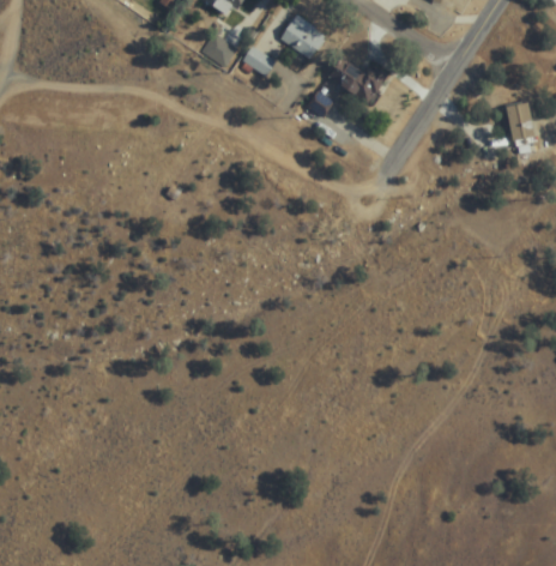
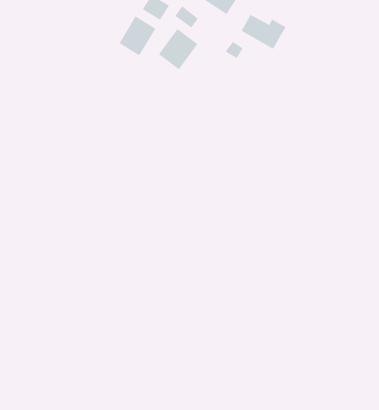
building: none -> [119,15,156,56]
building: none -> [158,28,198,70]

